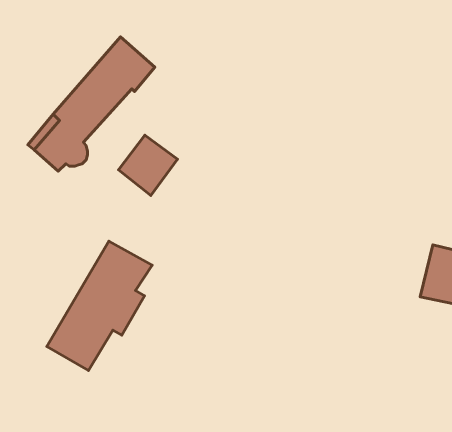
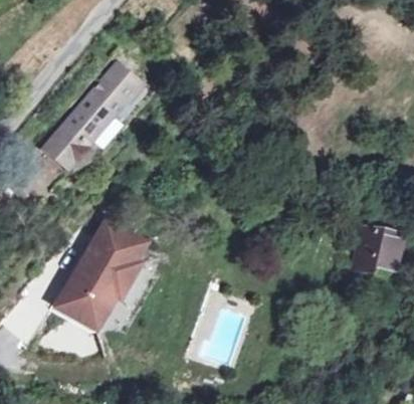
building: [119,135,177,195] -> none

